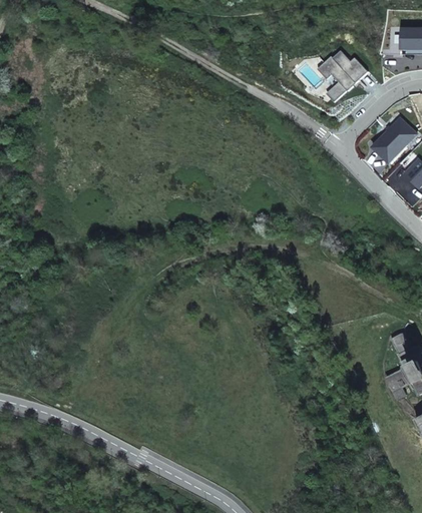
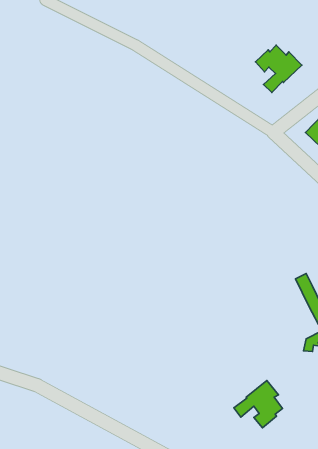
building: none -> [234,381,283,428]

